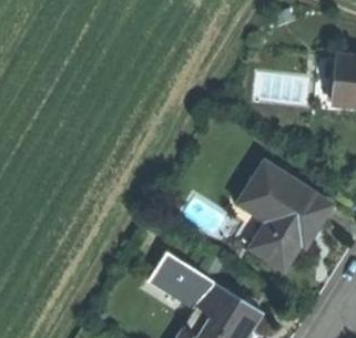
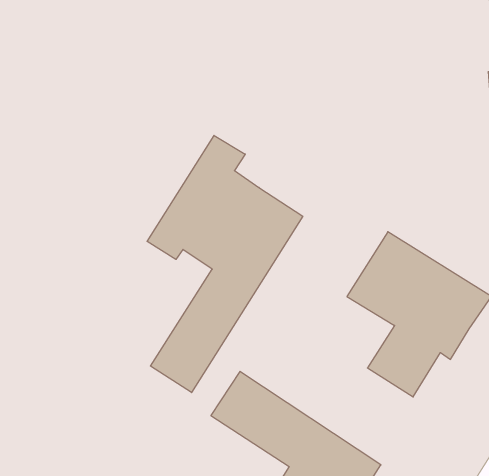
building: none -> [147,135,303,393]

